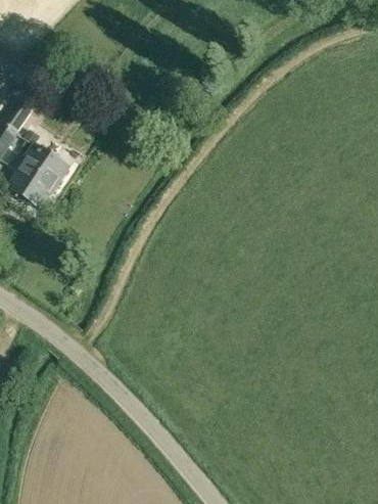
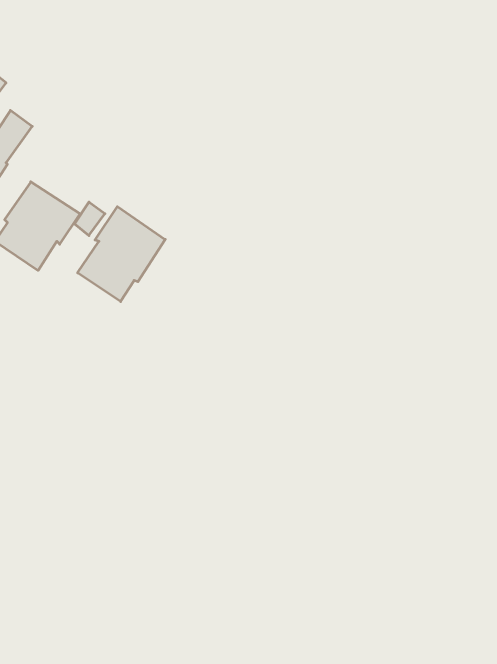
building: none -> [78,207,165,302]

